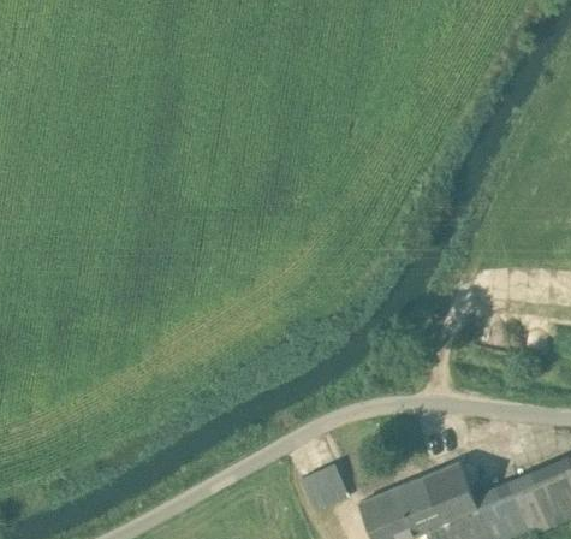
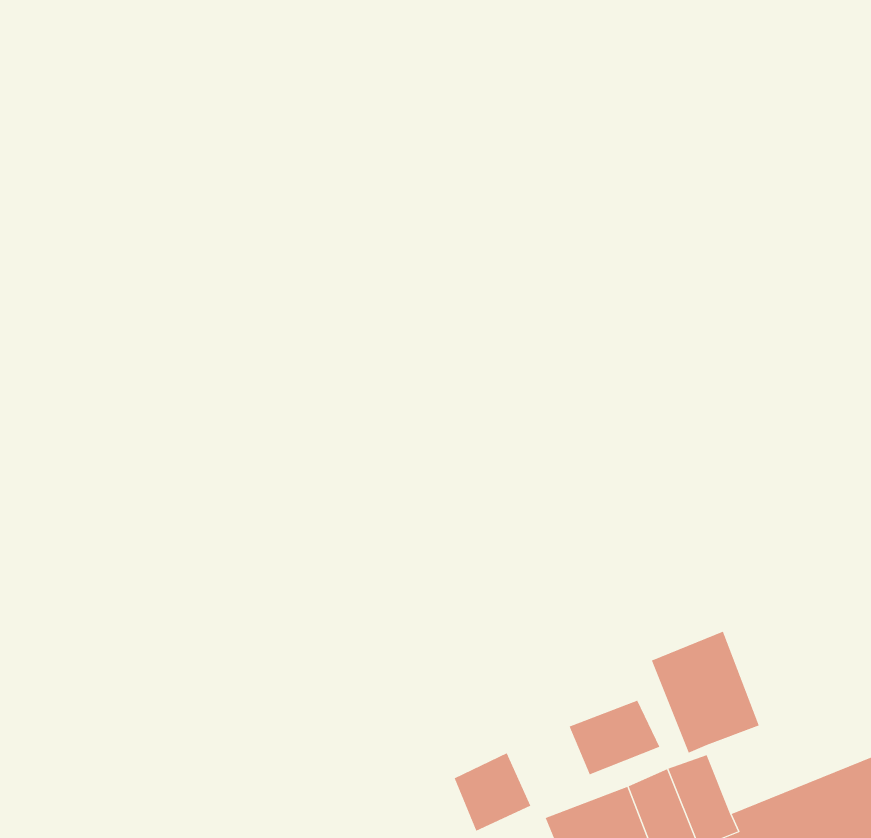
building: none -> [651,631,759,754]
building: none -> [569,700,660,775]

